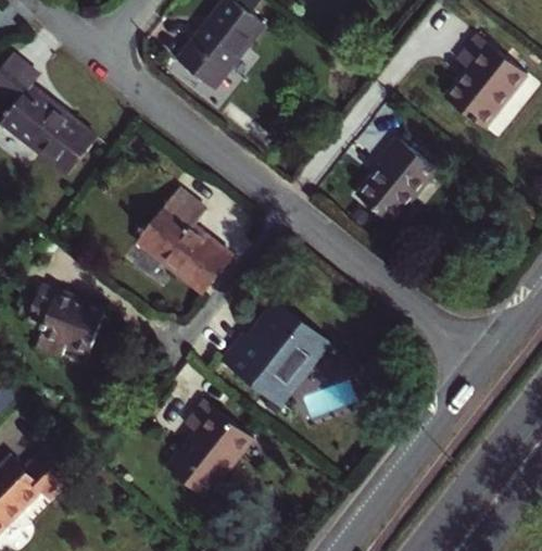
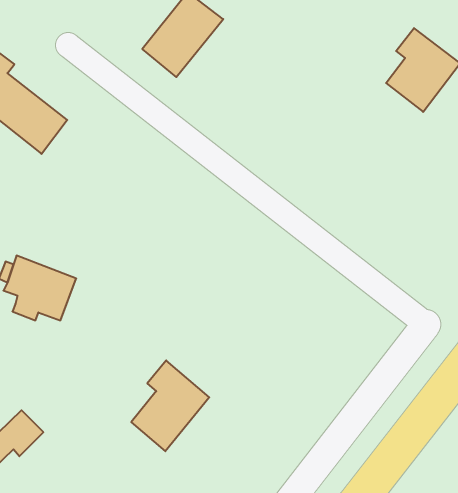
building: [352,135,432,223] -> none
building: [138,189,231,292] -> none
building: [218,309,338,413] -> none

